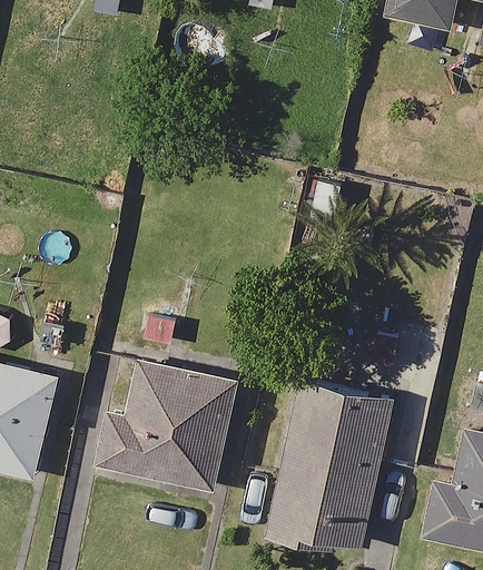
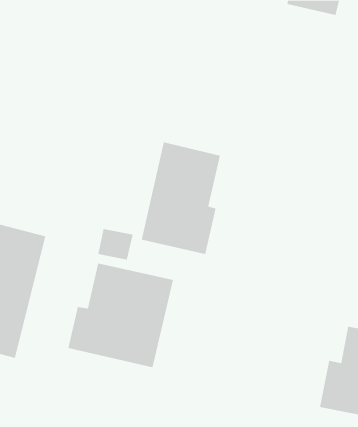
building: none -> [141,142,221,255]
building: [264,382,391,553] -> none

